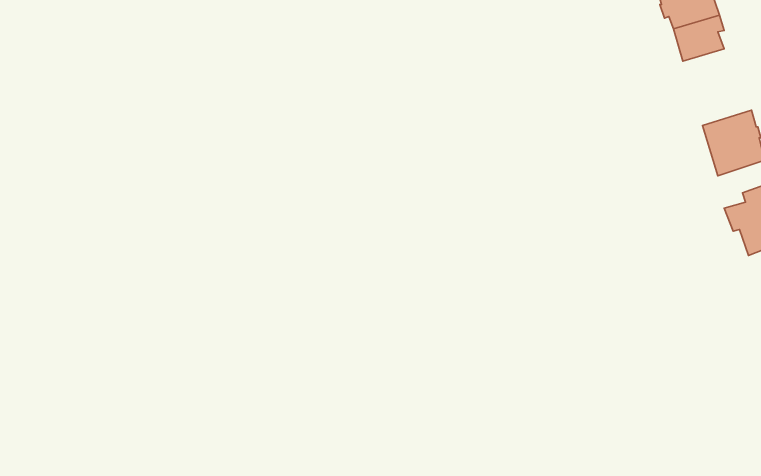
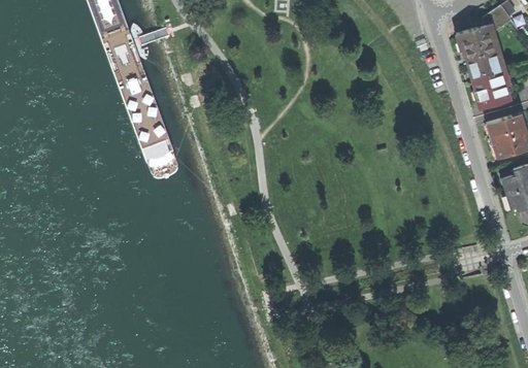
building: none -> [473,71,508,106]

